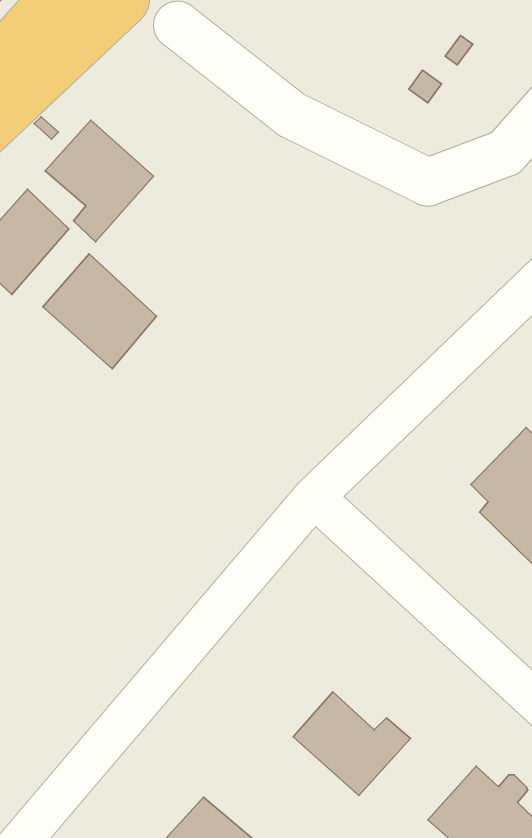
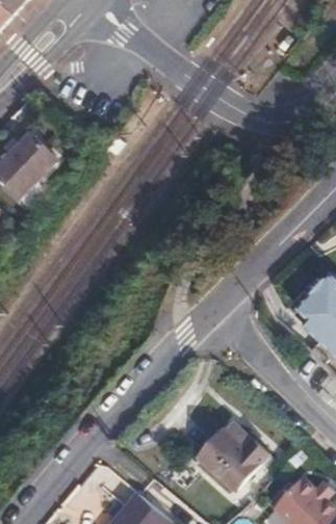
building: [45,120,154,242] -> none
building: [43,254,157,369] -> none

